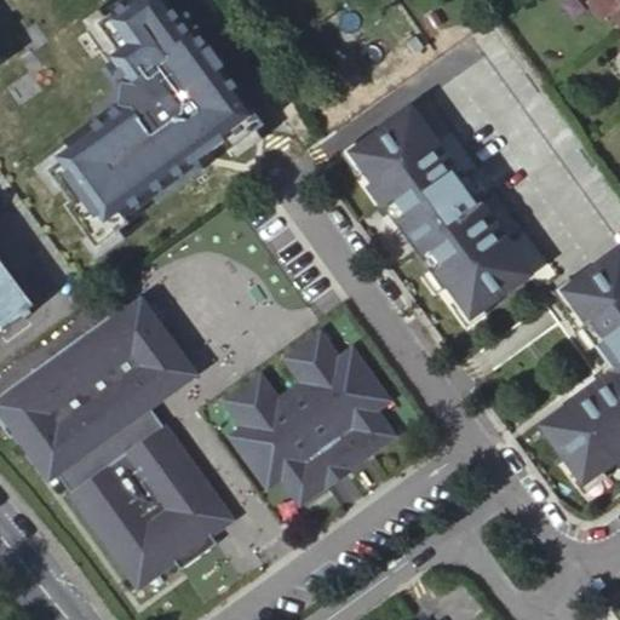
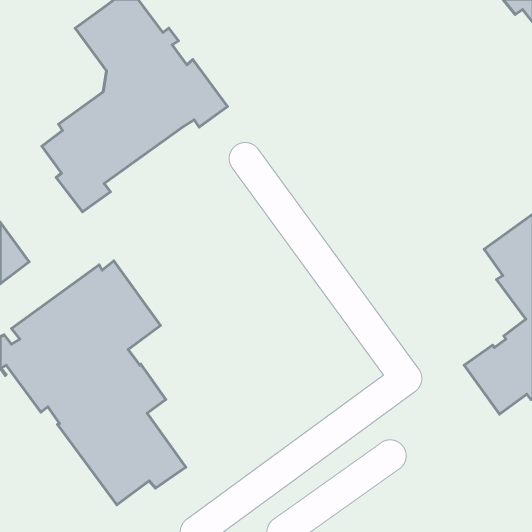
building: [351,108,529,315] -> none
building: [224,326,392,503] -> none
building: [172,464,235,535] -> none

